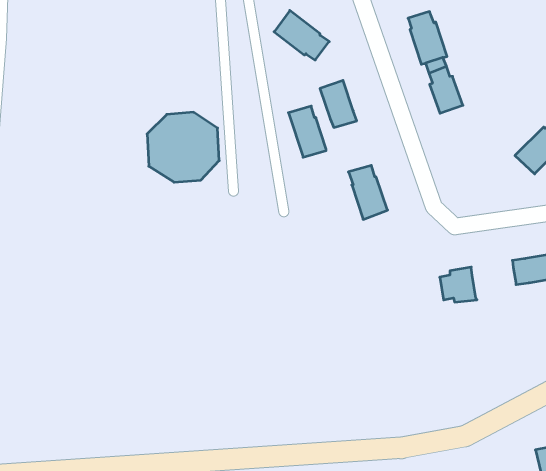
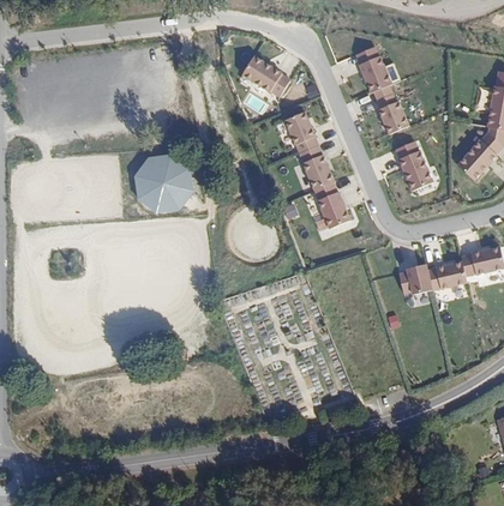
building: [288,106,326,157] -> [299,144,334,188]
building: none -> [396,139,432,188]
building: none -> [427,259,468,288]

